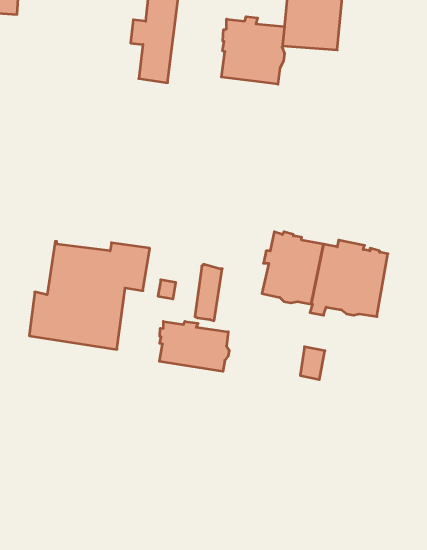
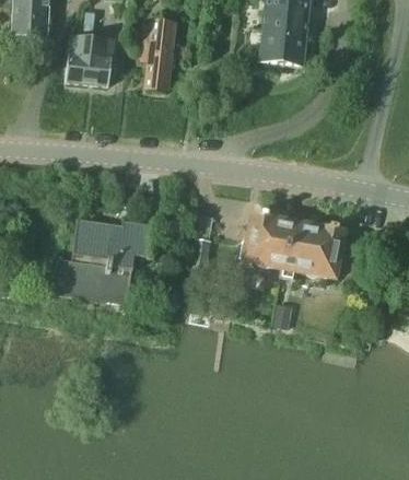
building: none -> [66,35,113,83]
building: [221,17,284,84] -> none
building: [159,321,229,371] -> none

